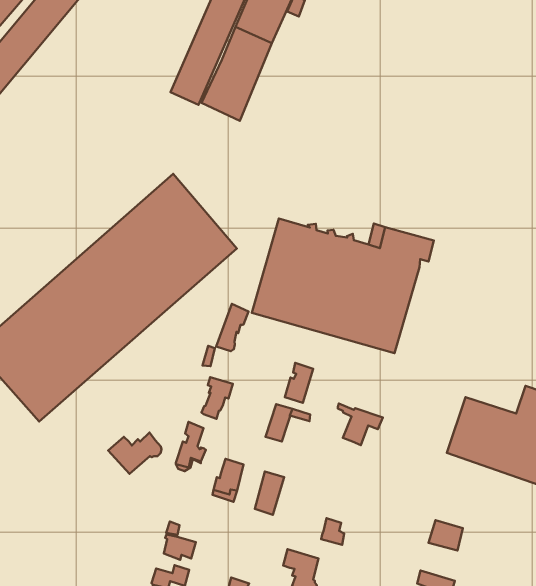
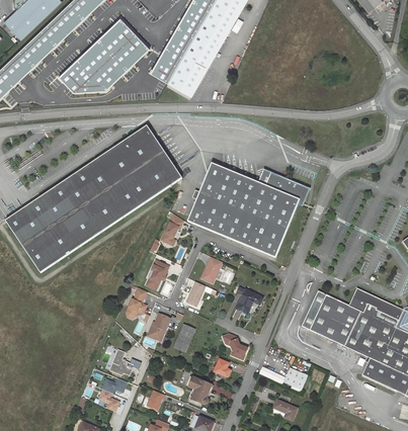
building: none -> [59,17,149,92]
building: [108,432,161,474] -> none
building: none -> [222,334,251,360]

